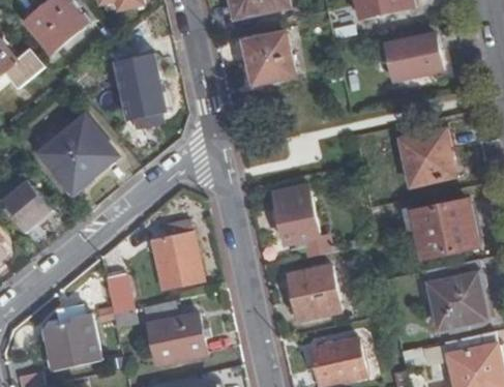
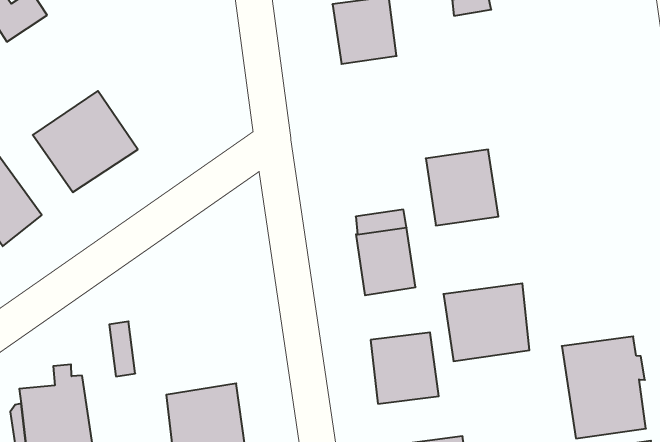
building: [383,34,439,83] -> none
building: [118,51,166,115] -> none
building: [396,130,450,186] -> [426,150,498,225]
building: [408,202,471,260] -> [443,283,529,361]
building: [151,221,202,289] -> none

